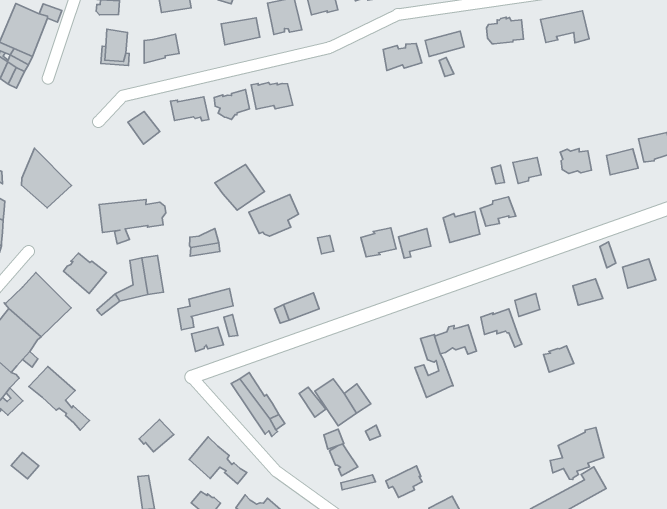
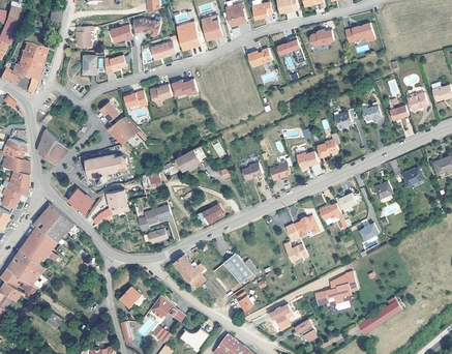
building: [215,164,264,210] -> [108,116,138,144]
building: [29,367,90,430] -> none
building: [550,428,604,479] -> [325,272,357,304]

